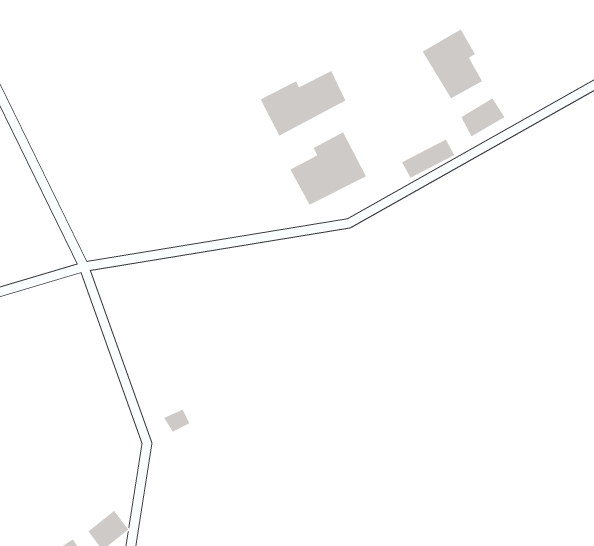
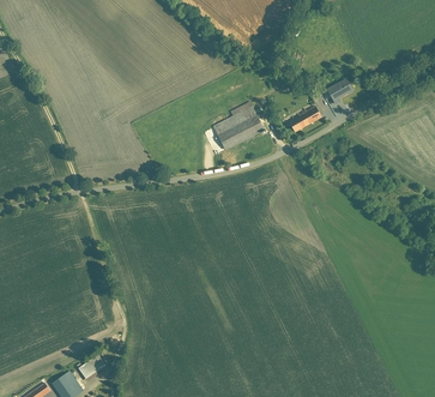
building: [422,28,483,99] -> none
building: [260,70,346,137] -> none

